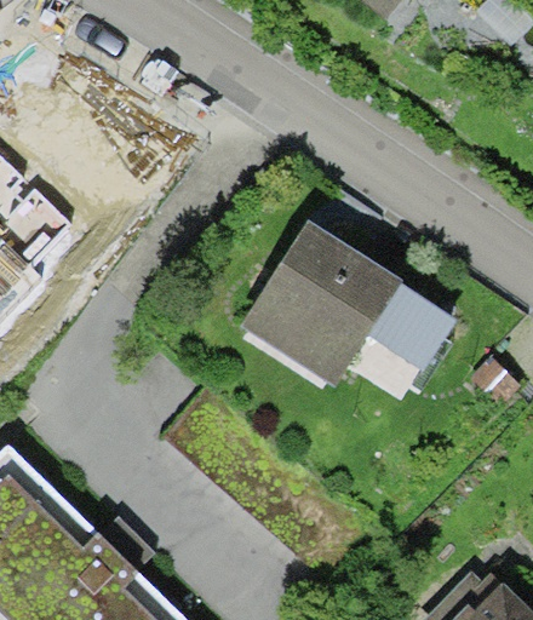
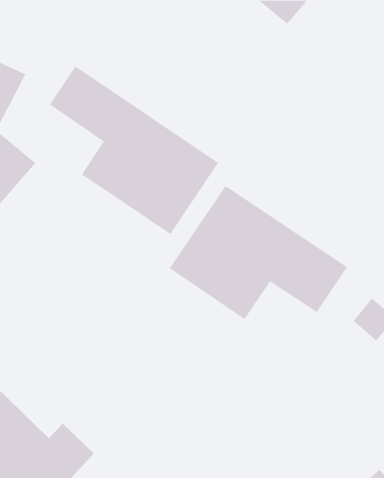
building: none -> [49,66,219,235]

